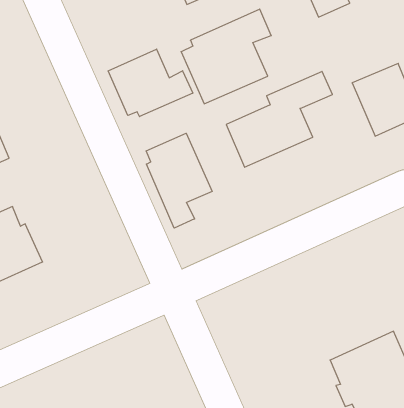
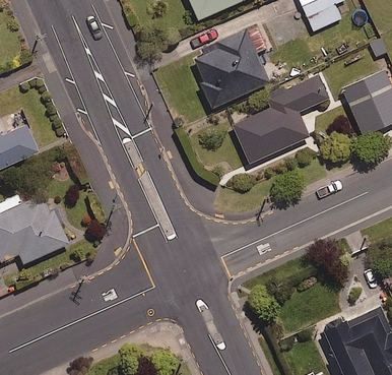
building: [108,49,193,117] -> none
building: [146,133,212,228] -> none

